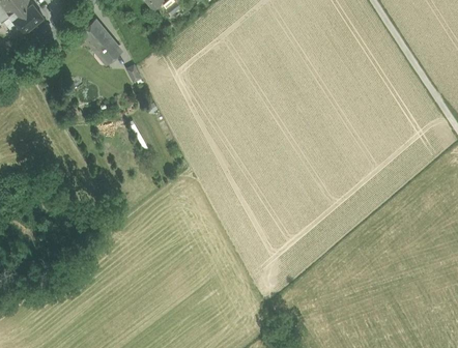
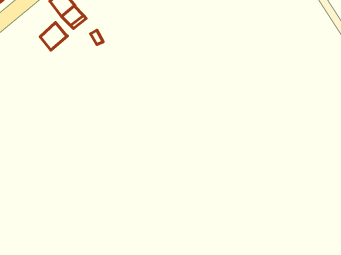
building: none -> [40,22,67,50]

